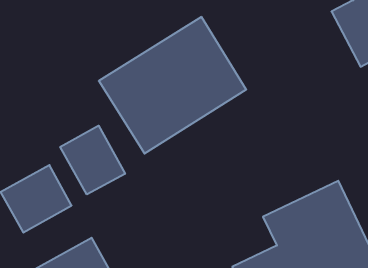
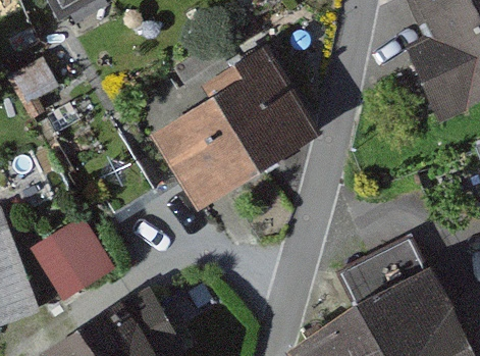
building: [60,126,125,194] -> none

